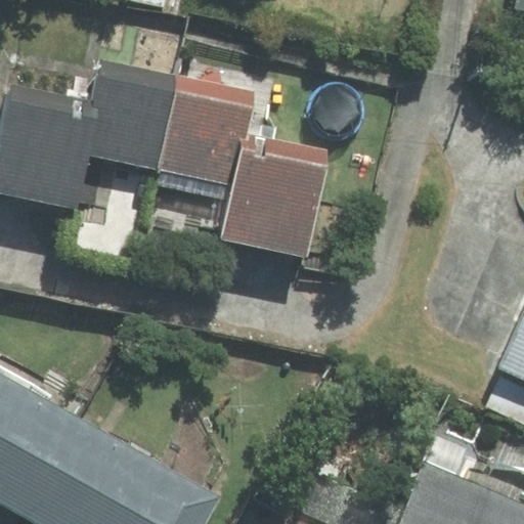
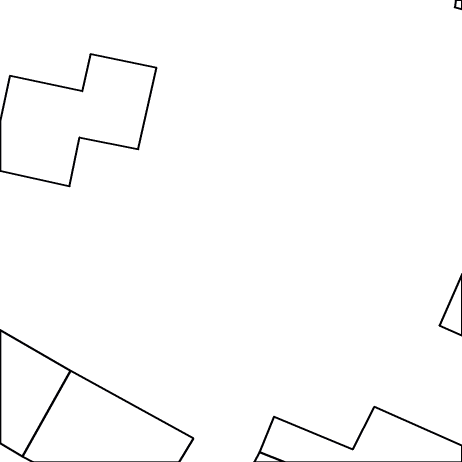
building: [157,77,326,255] -> none

